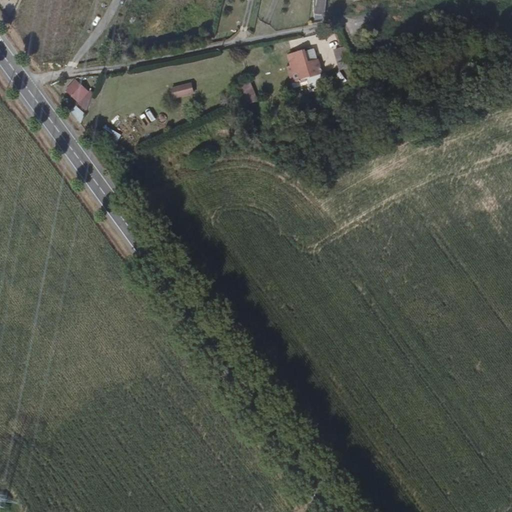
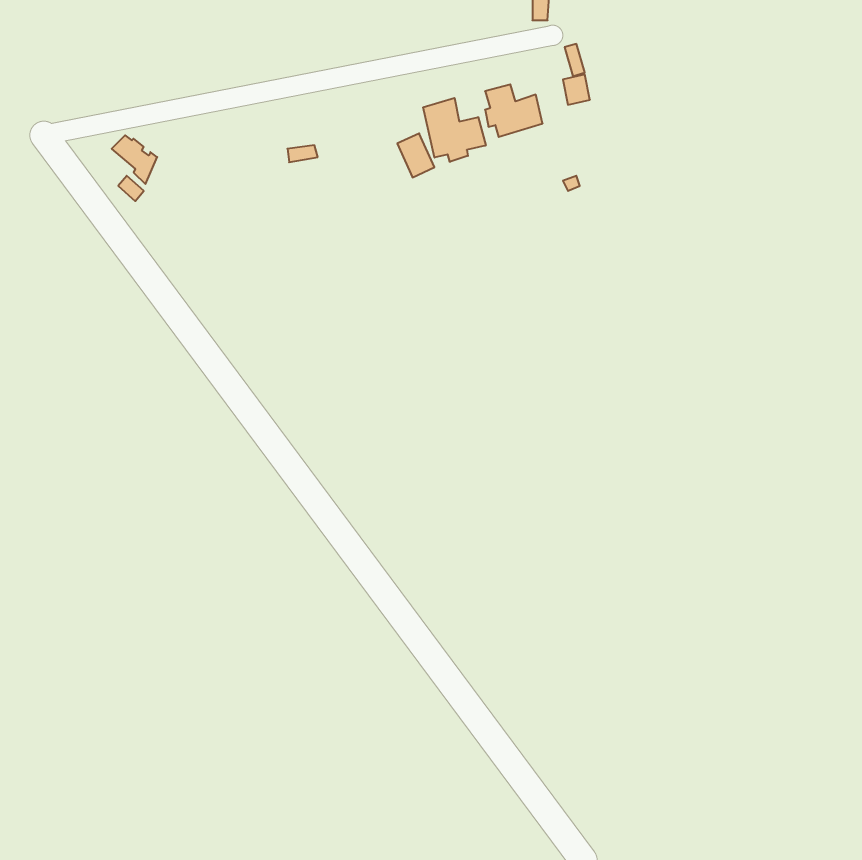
building: none -> [423,98,486,162]

